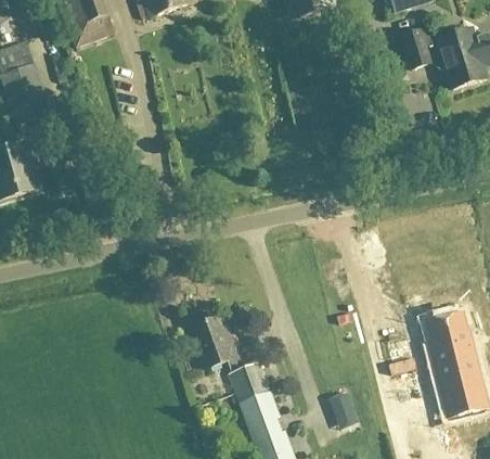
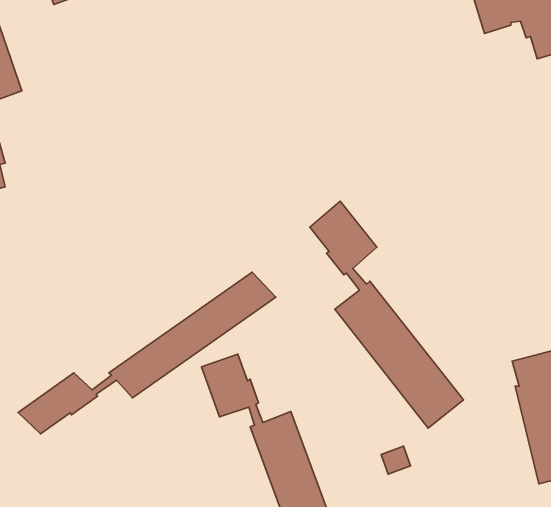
building: none -> [310,201,463,428]
building: none -> [18,272,276,434]

